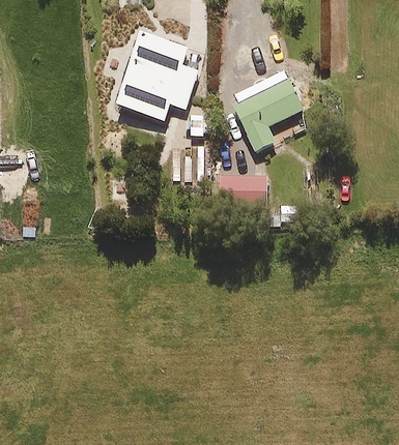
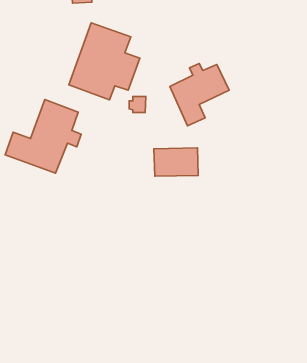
building: none -> [5,99,81,173]

